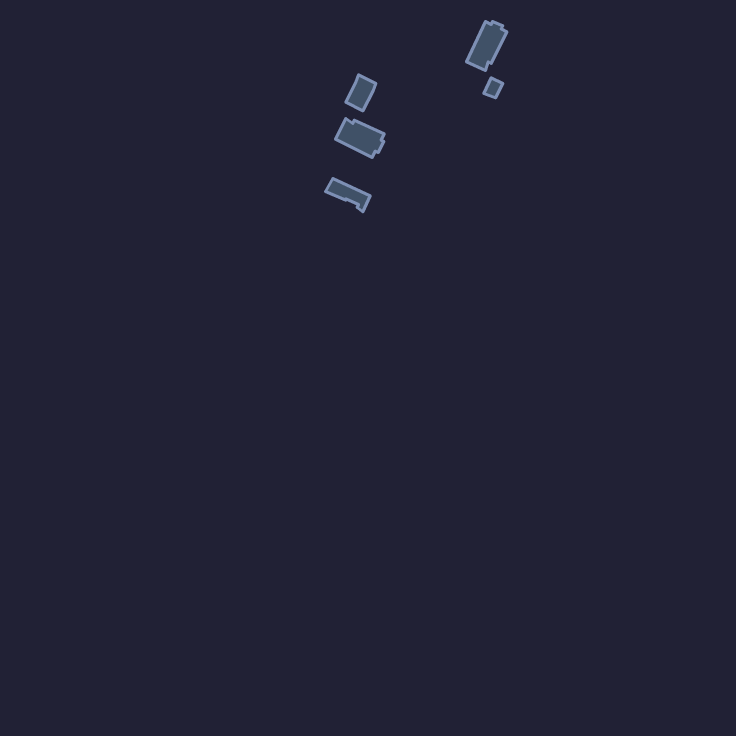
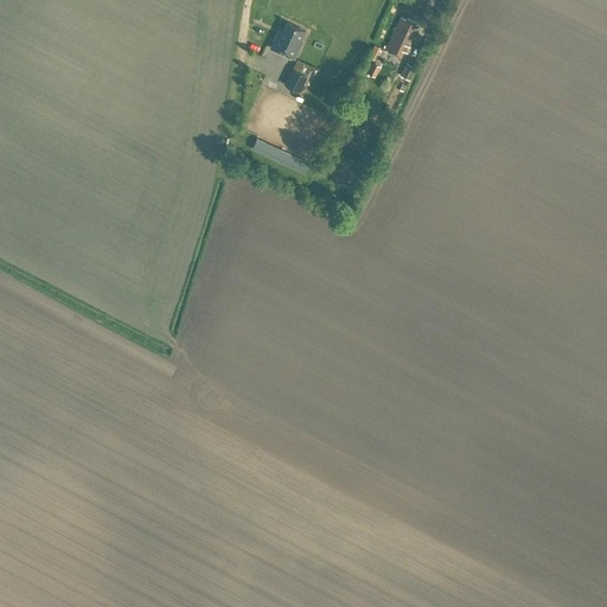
building: none -> [270,21,305,58]
building: [335,119,384,158] -> none

